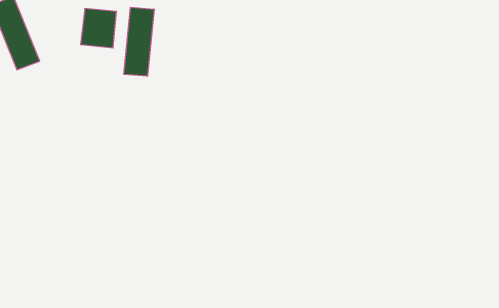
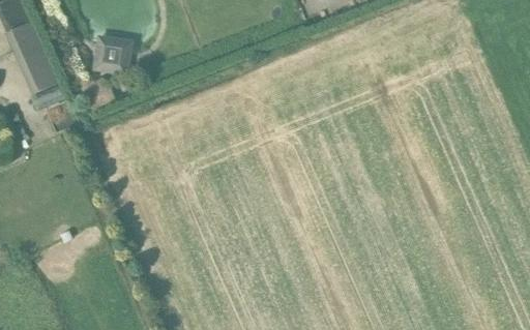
building: [124,7,154,76] -> none

